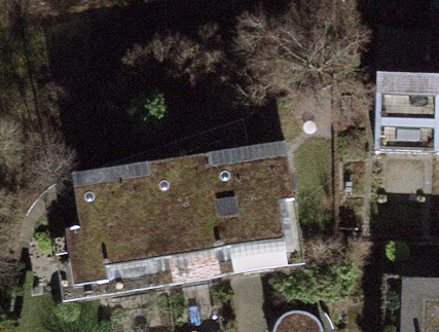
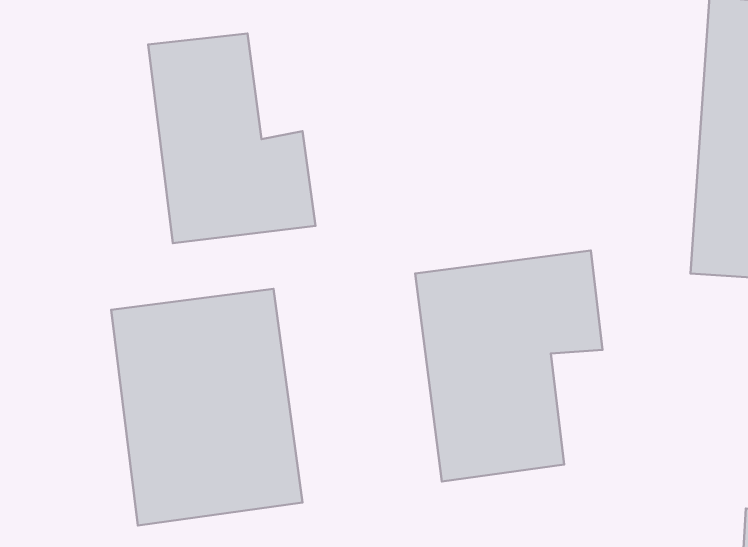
building: none -> [148,34,315,243]
building: [151,155,239,264] -> none

